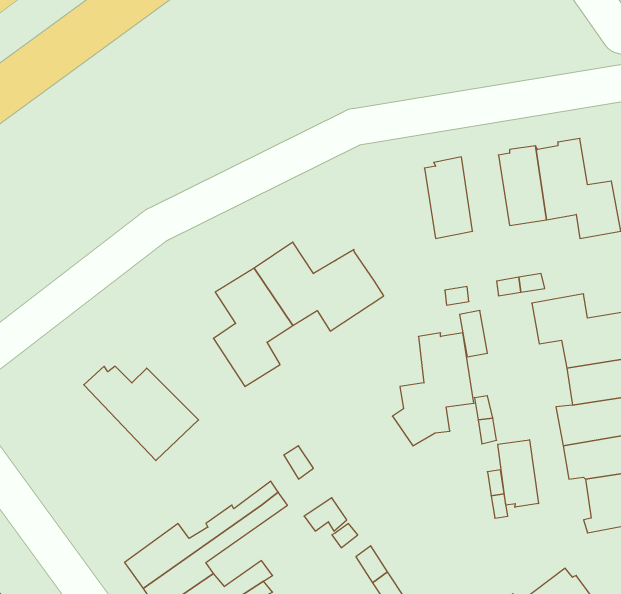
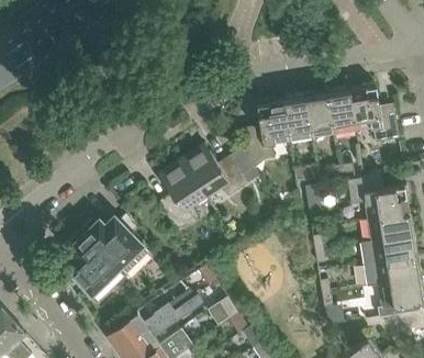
building: none -> [304,92,333,138]
building: [392,333,474,446] -> [241,101,289,168]
building: none -> [67,230,123,300]
building: [498,440,539,507] -> none

